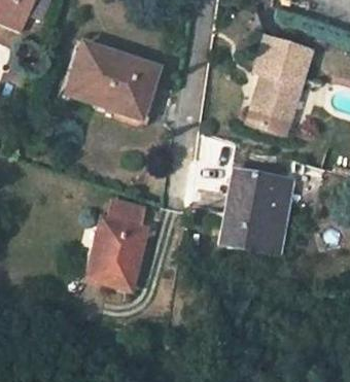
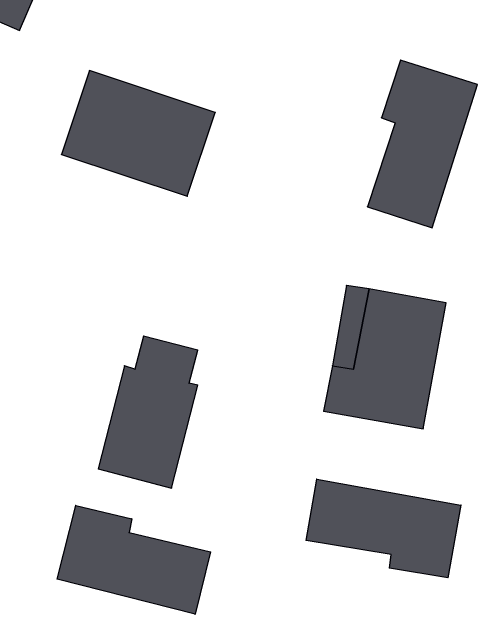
building: none -> [306,479,461,578]
building: none -> [57,505,211,614]

